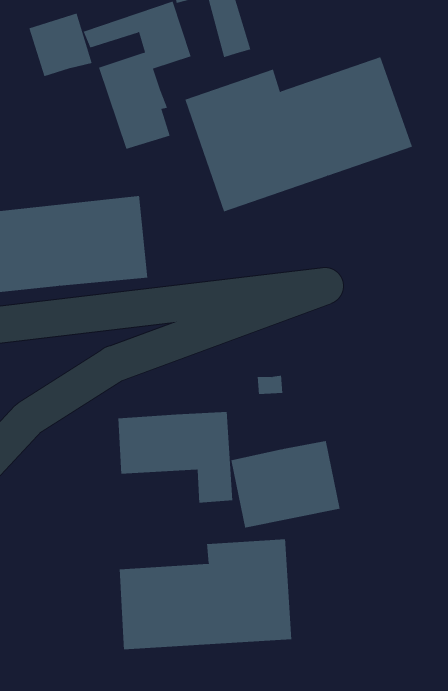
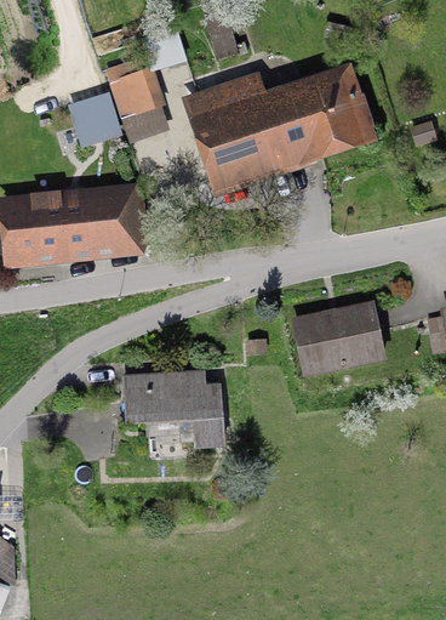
building: [29,13,93,77] -> [65,92,121,148]
building: [231,441,341,528] -> [290,301,385,377]
building: [119,538,292,650] -> none

